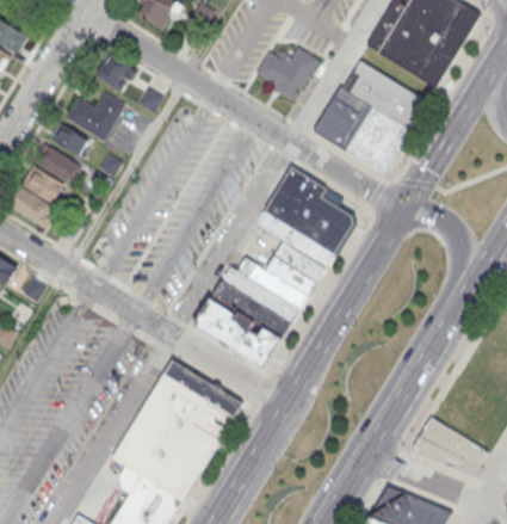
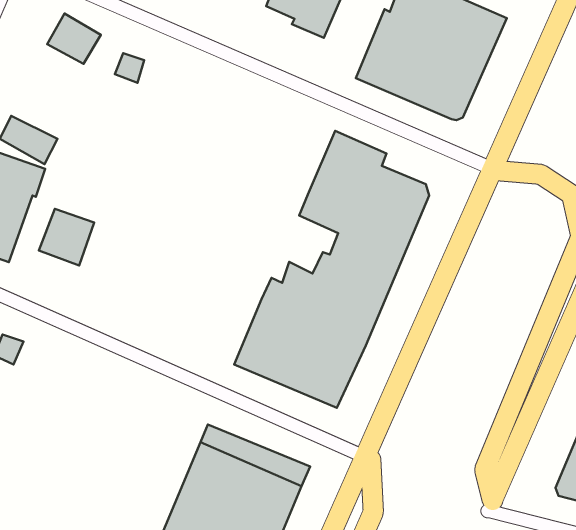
building: [66,88,125,137] -> none
building: none -> [39,209,94,265]

